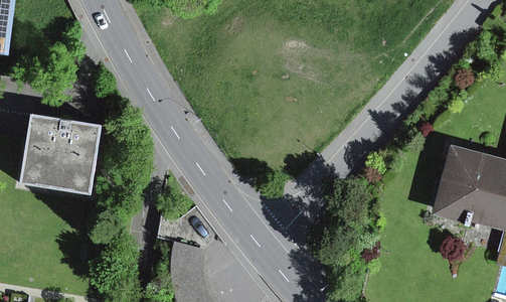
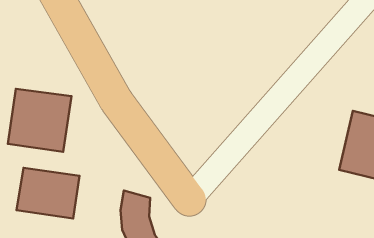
building: none -> [17,168,79,218]

